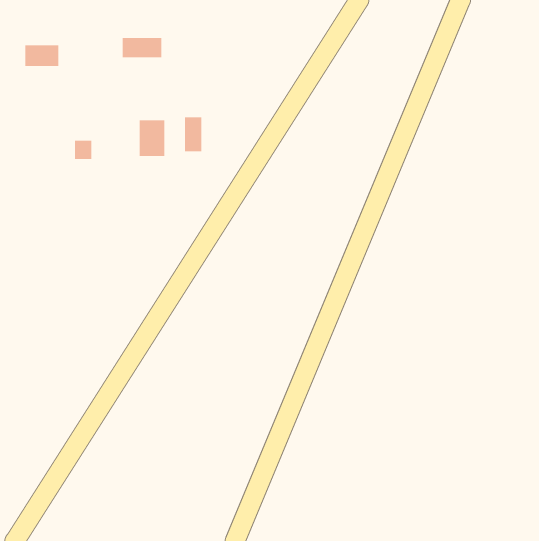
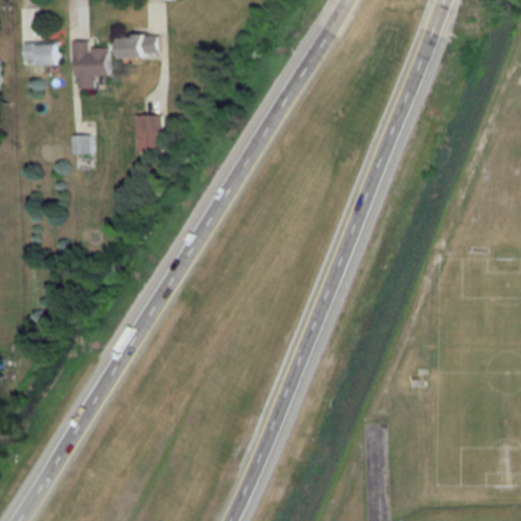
building: none -> [73,41,107,89]
building: [184,117,202,152] -> none

